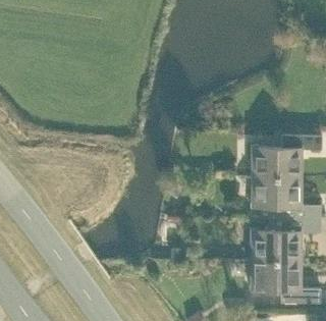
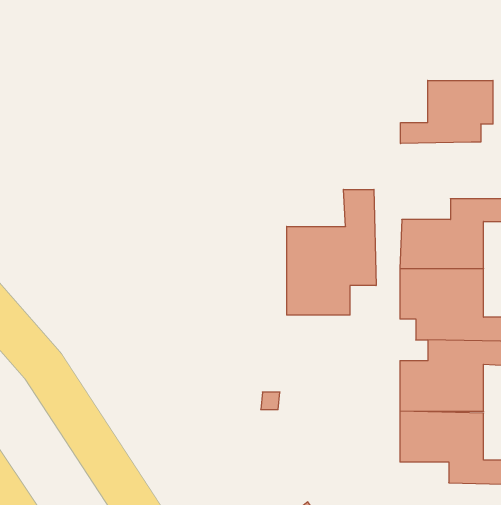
building: none -> [401,80,493,144]
building: none -> [287,189,376,315]

